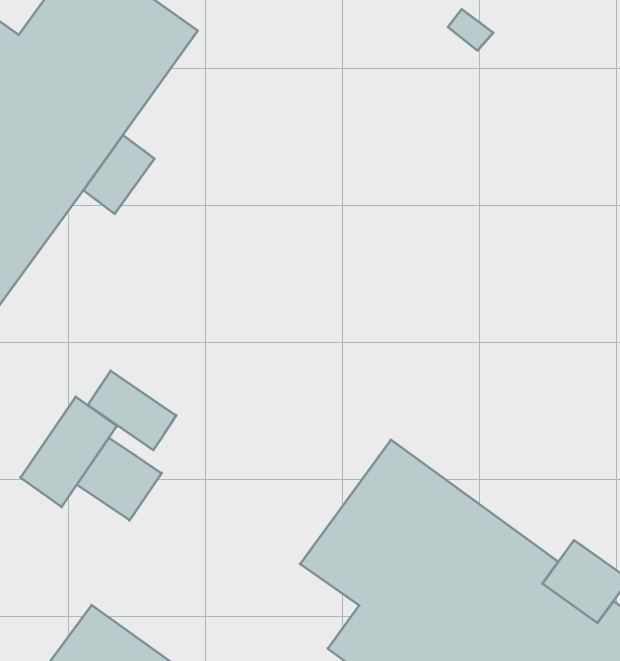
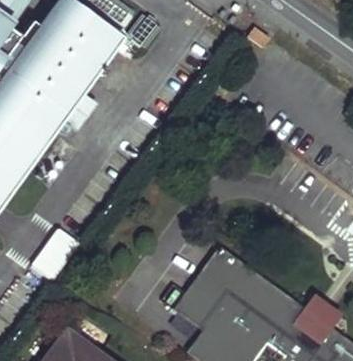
building: [88,371,176,450] -> none
building: [77,438,162,520] -> none

